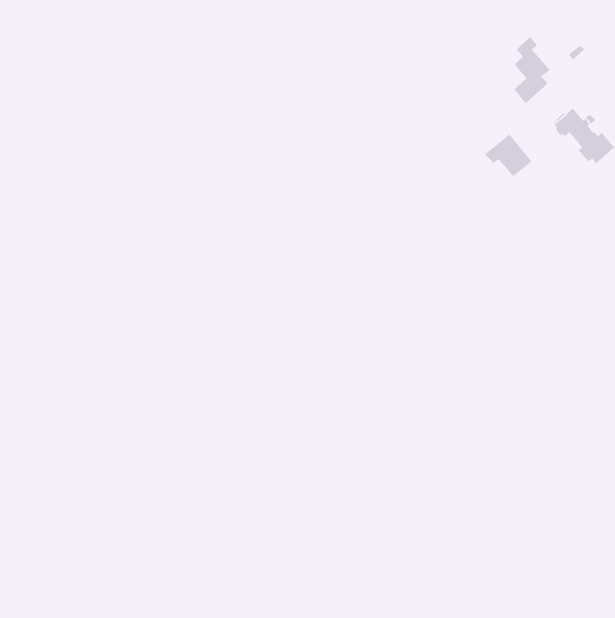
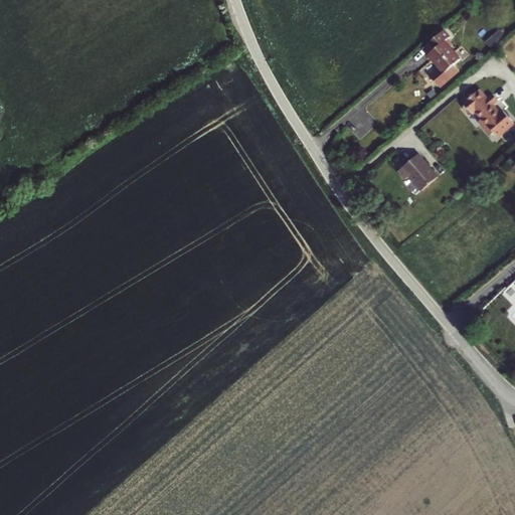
building: [484,134,532,177] -> [397,153,438,189]

